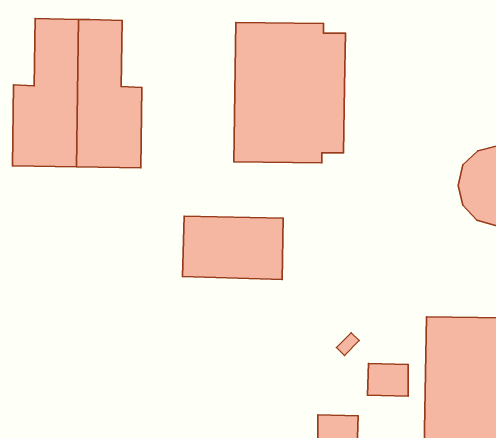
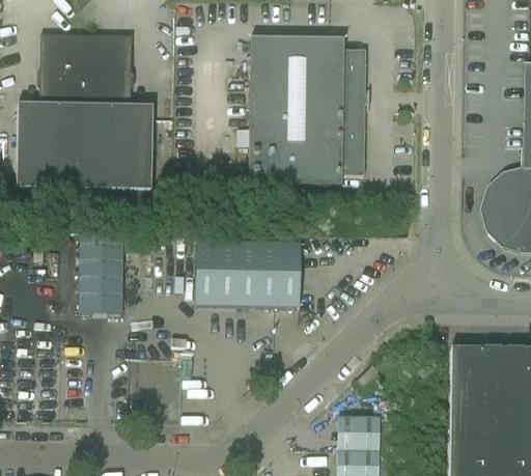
building: none -> [79,230,122,314]
building: [368,364,408,396] -> [337,416,380,450]

